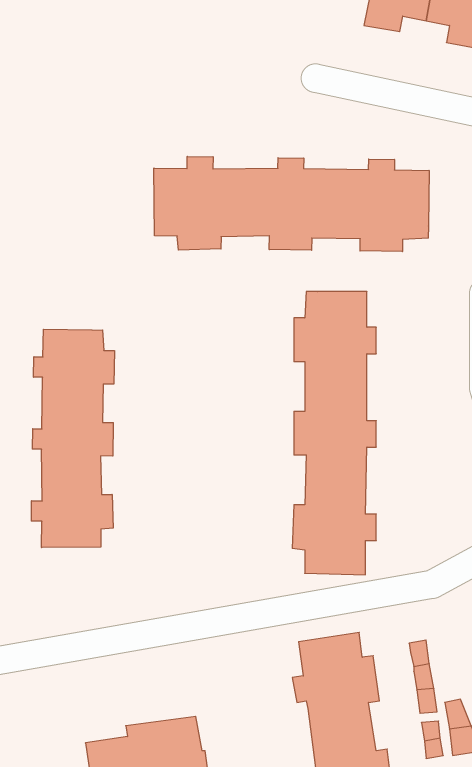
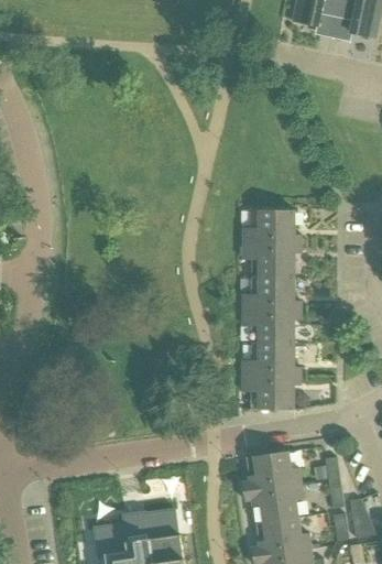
building: [154,156,429,252] -> none
building: [31,329,114,548] -> none

